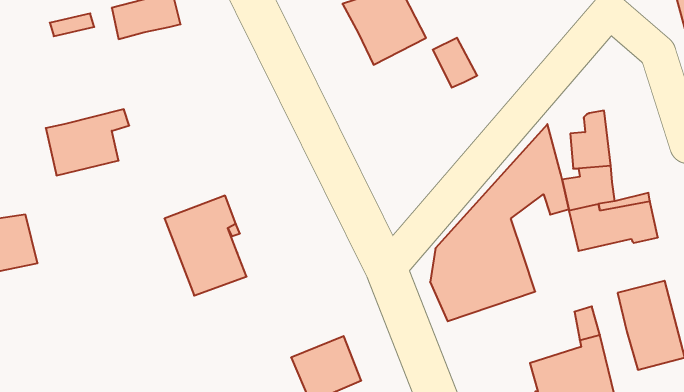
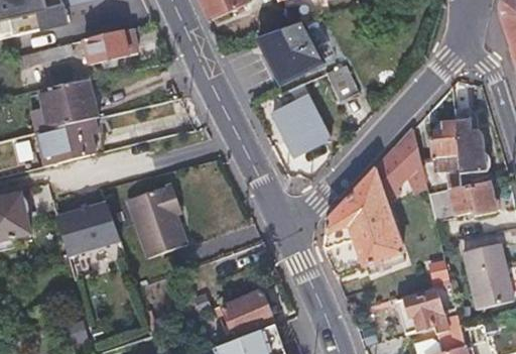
building: none -> [41,78,97,126]
building: none -> [266,82,328,153]
building: none -> [453,107,489,169]
building: none -> [60,201,119,257]

